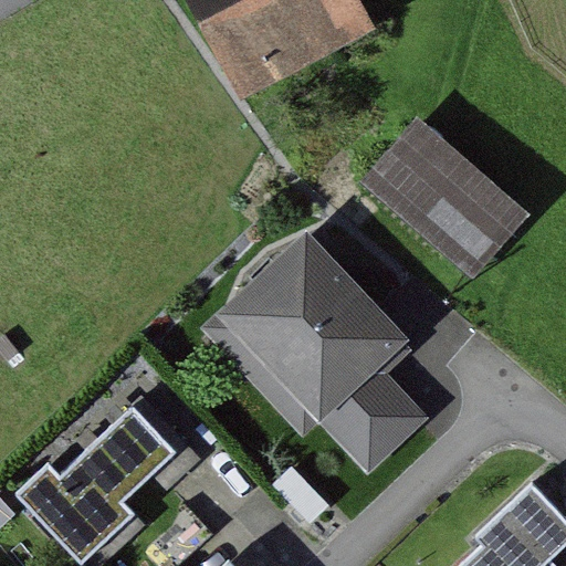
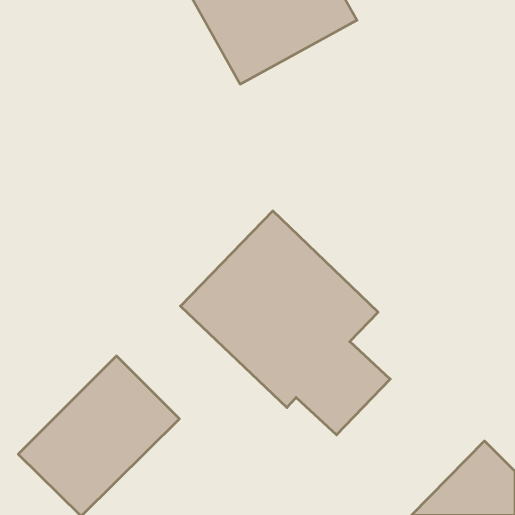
building: [363,116,538,285] -> none

